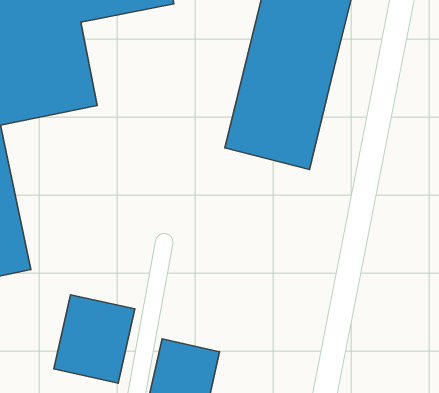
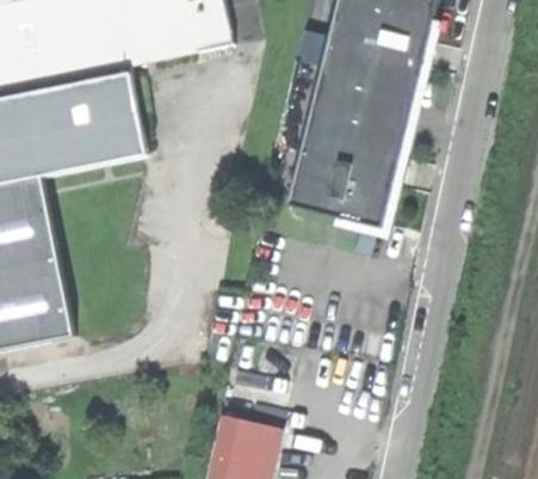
building: [54,295,135,383] -> none

